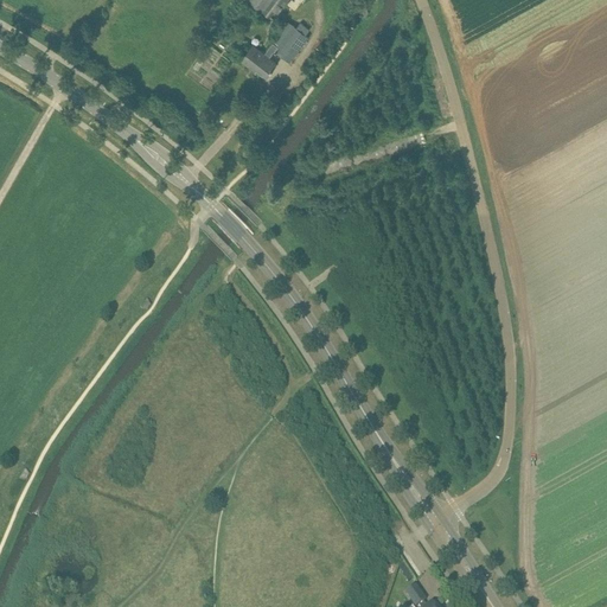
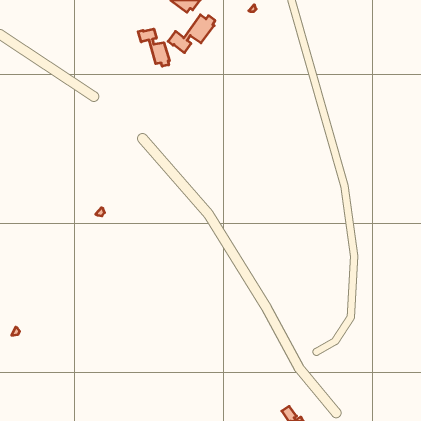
building: none -> [138,29,169,66]

